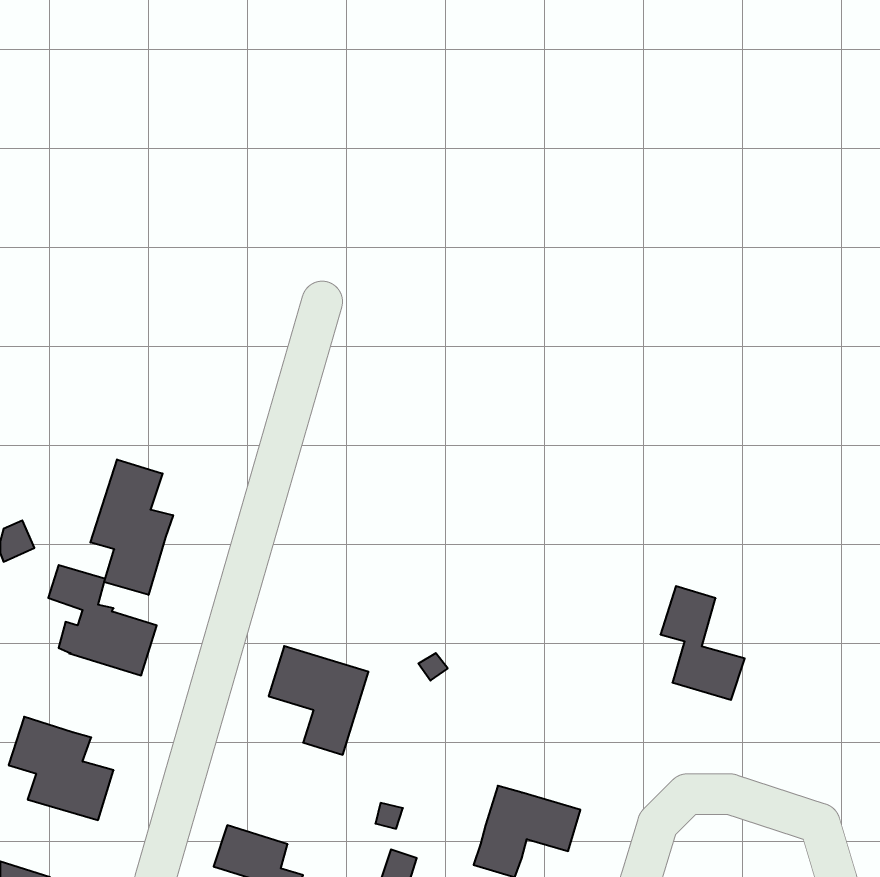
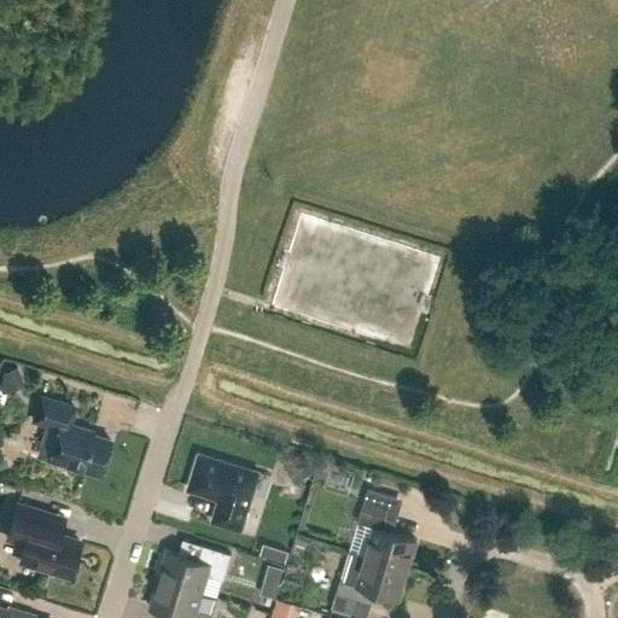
building: [90,459,173,595] -> none
building: [660,586,745,700] -> [357,490,416,570]
building: none -> [159,546,231,594]

